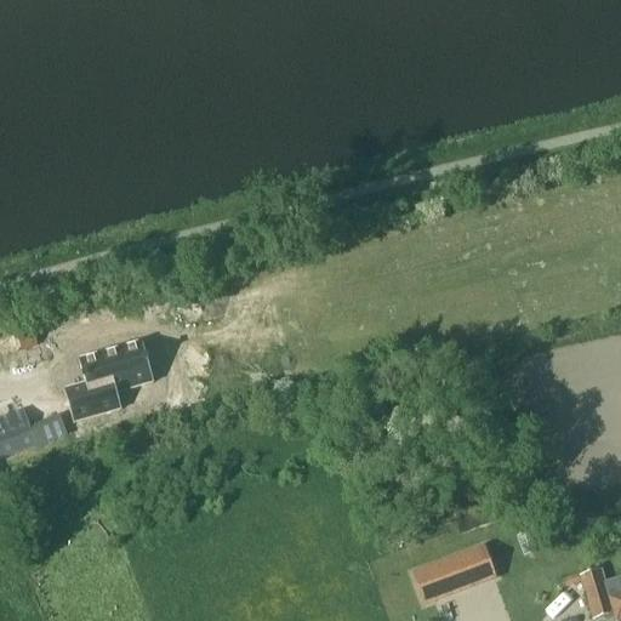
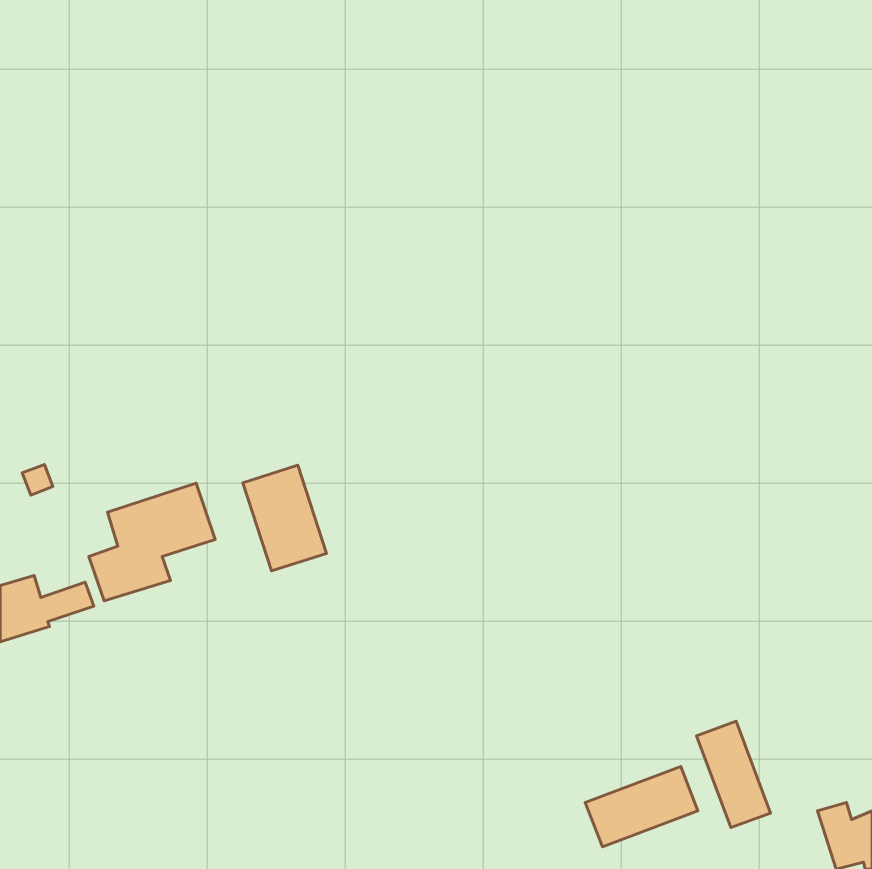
building: none -> [243,465,327,571]
building: none -> [696,721,771,828]

